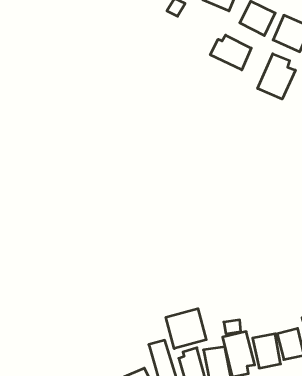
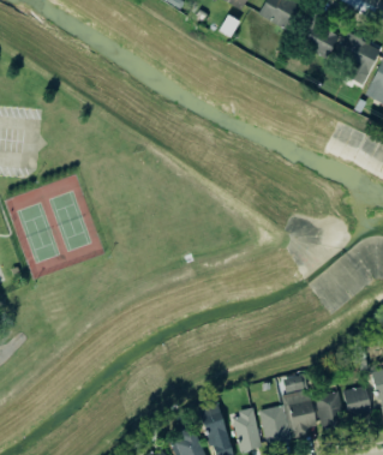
building: [210,35,251,70] -> none
building: [258,54,295,99] -> none
building: [166,309,206,349] -> none

